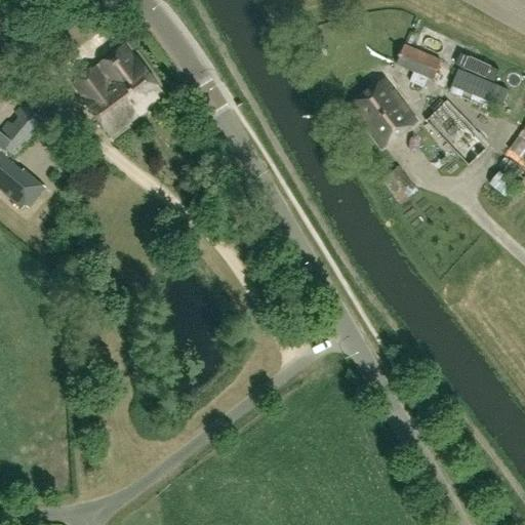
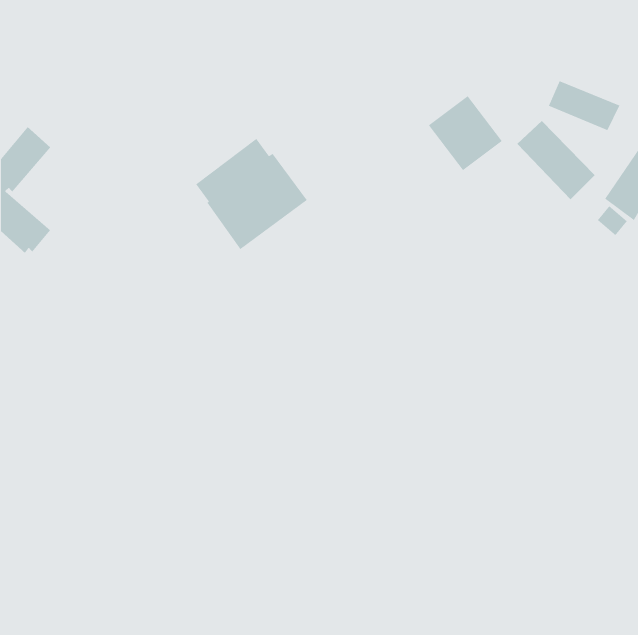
building: [397,41,442,85] -> none
building: [75,42,167,134] -> [195,138,308,250]

